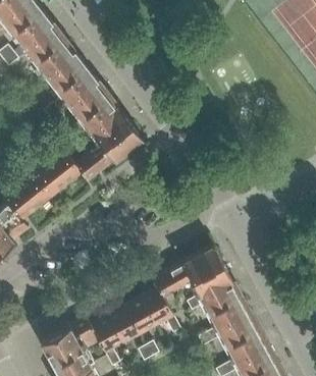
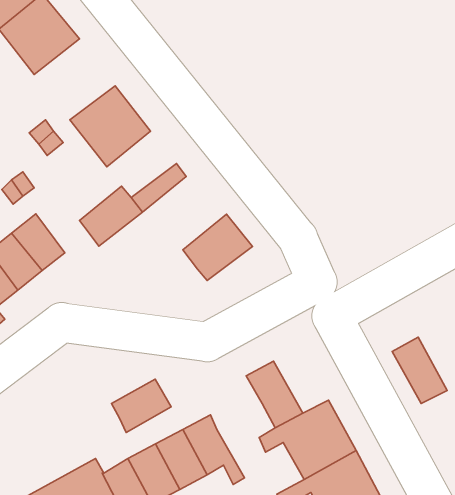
building: [45,54,96,105] -> none
building: [91,112,135,154] -> [183,214,252,281]
building: [46,152,80,189] -> none
building: [196,248,230,289] -> [392,337,447,404]
building: [151,266,189,300] -> [111,379,171,433]

